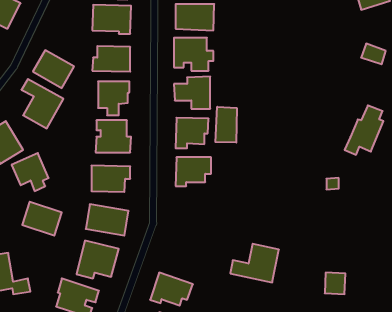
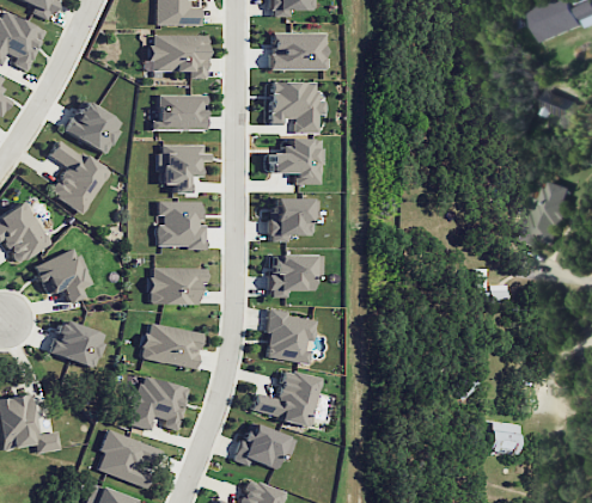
building: [215,107,237,143] -> none
building: none -> [264,311,318,363]
building: [230,244,279,282] -> [251,369,322,425]

